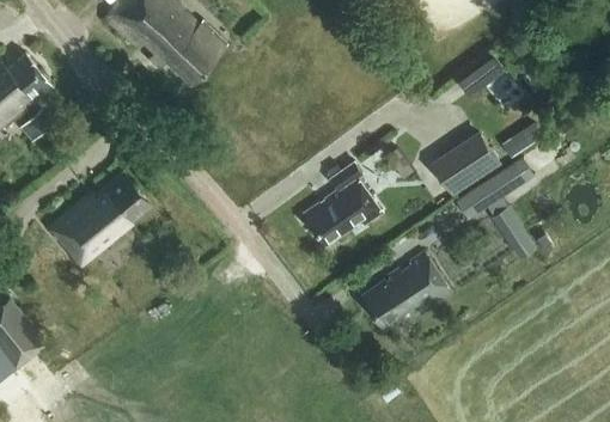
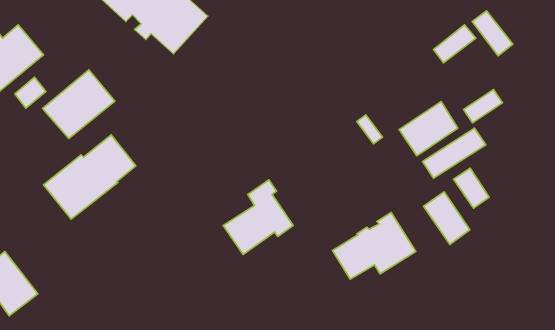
building: none -> [472,11,513,56]
building: none -> [43,70,115,139]
building: [304,163,379,243] -> [223,180,293,254]
building: none -> [423,192,470,244]

